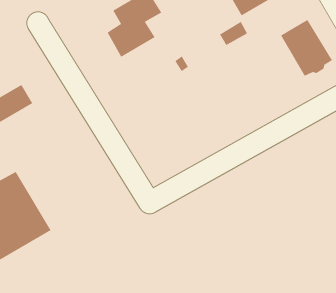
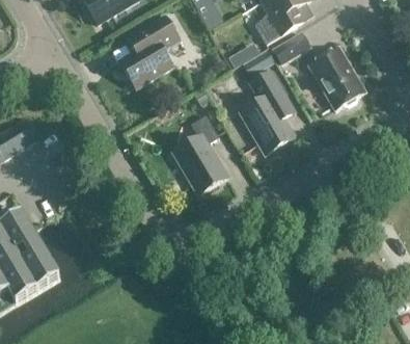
building: none -> [272,31,309,62]
building: none -> [240,67,297,153]
building: none -> [172,113,227,192]

